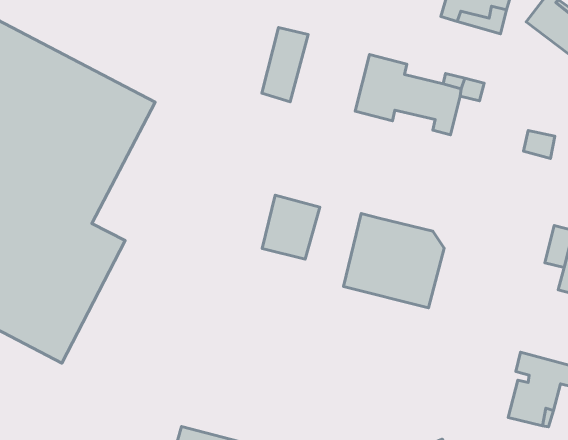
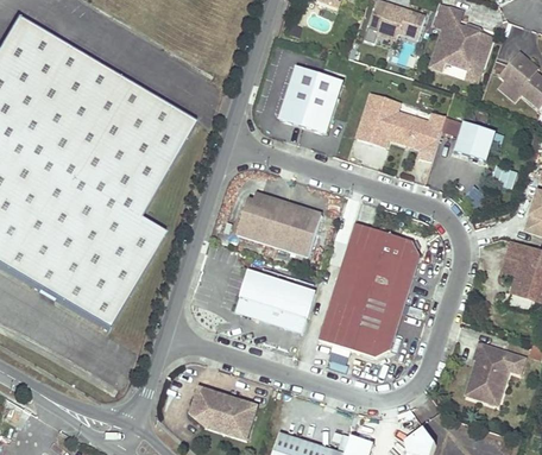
building: none -> [303,74,344,134]
building: none -> [454,121,494,162]
building: none -> [238,191,286,245]
building: none -> [237,271,315,329]
building: none -> [319,279,405,355]

